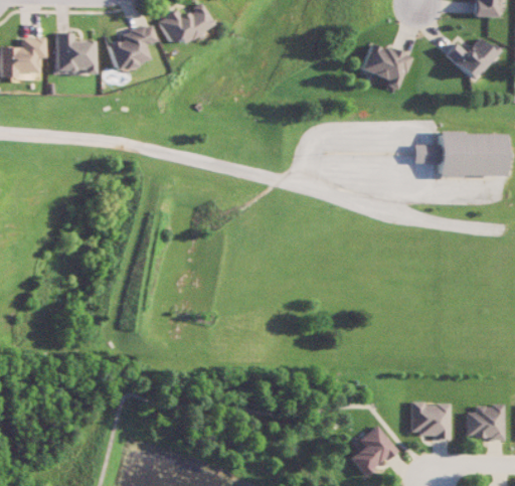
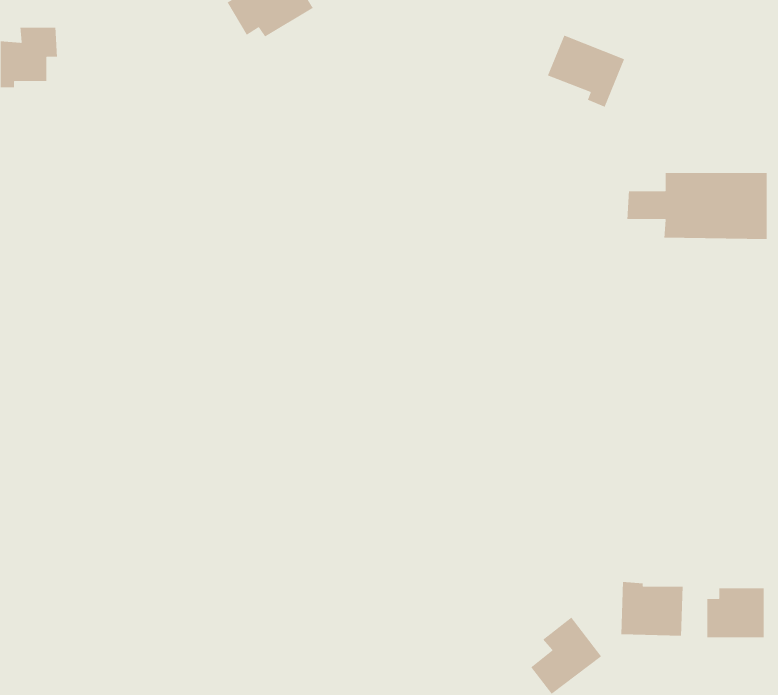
building: [104,25,150,72] -> none
building: [51,33,90,73] -> none
building: [446,36,500,78] -> none

